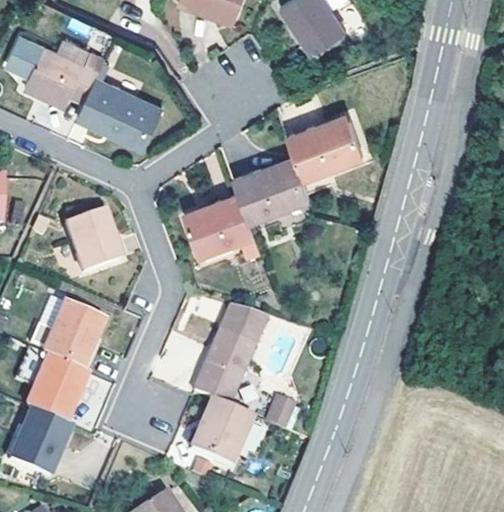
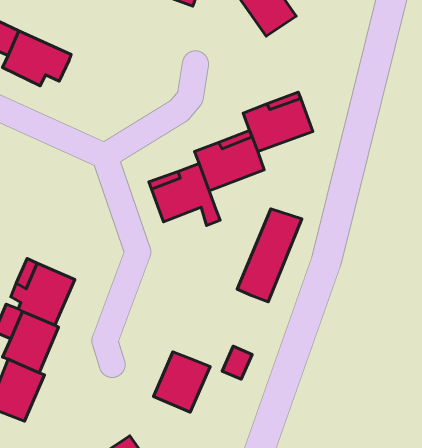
building: [80,79,162,148] -> none
building: [68,208,121,271] -> none
building: [195,303,266,405] -> [237,209,302,302]

